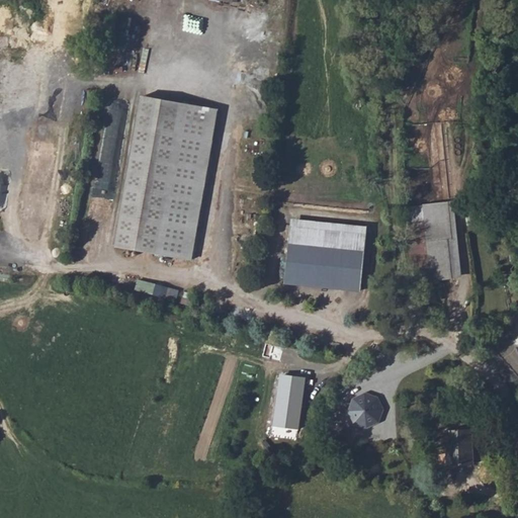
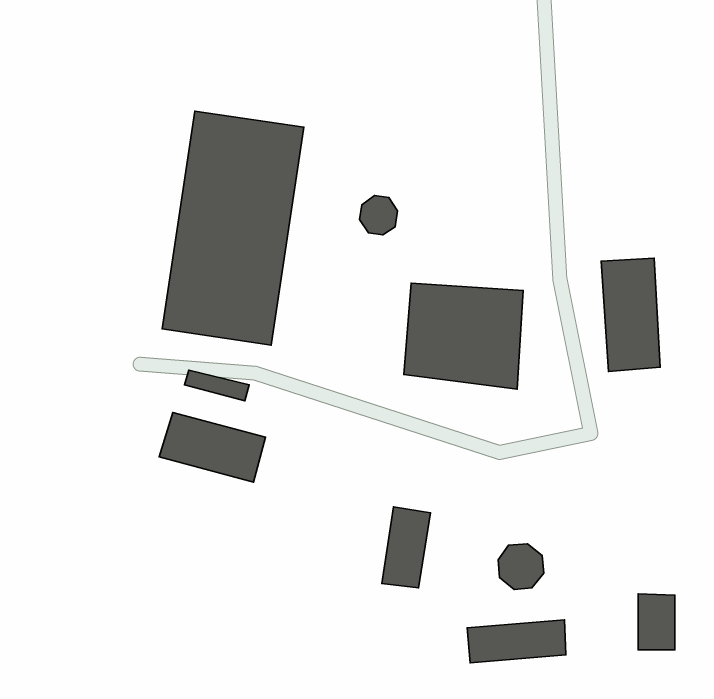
building: none -> [360,195,398,235]
building: none -> [159,413,265,482]
building: none -> [467,620,566,663]

